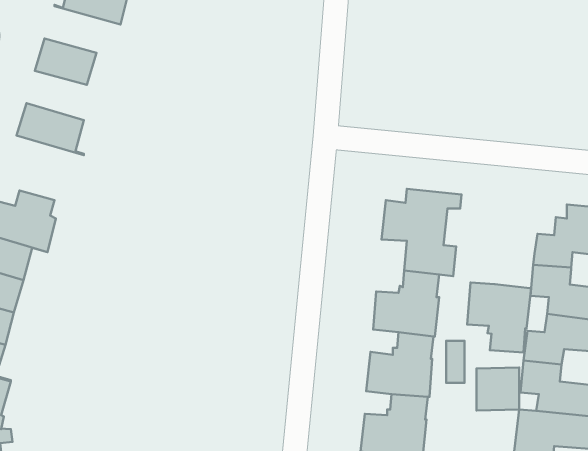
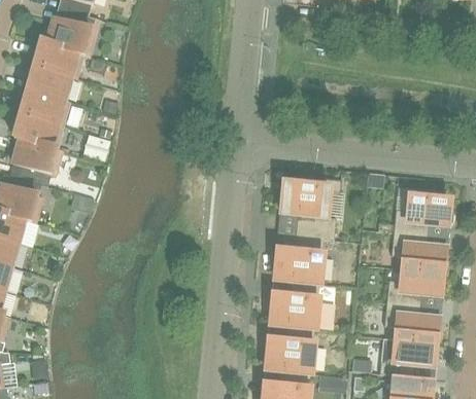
building: none -> [33,42,89,77]
building: none -> [12,89,69,125]
building: none -> [12,137,62,186]
building: [467,282,531,352] -> none
building: [477,368,519,410] -> none

